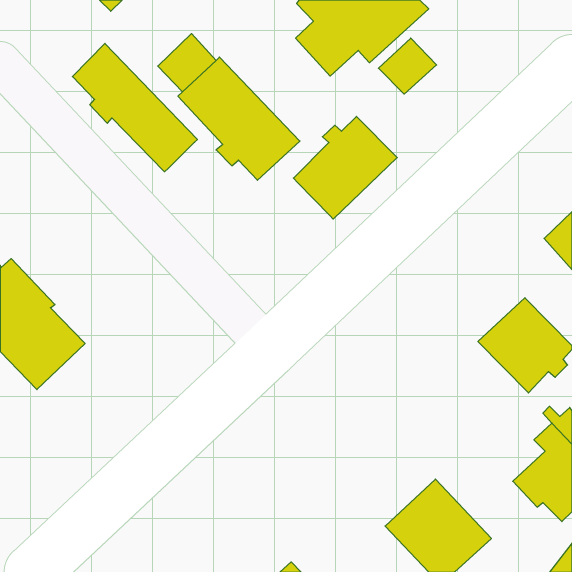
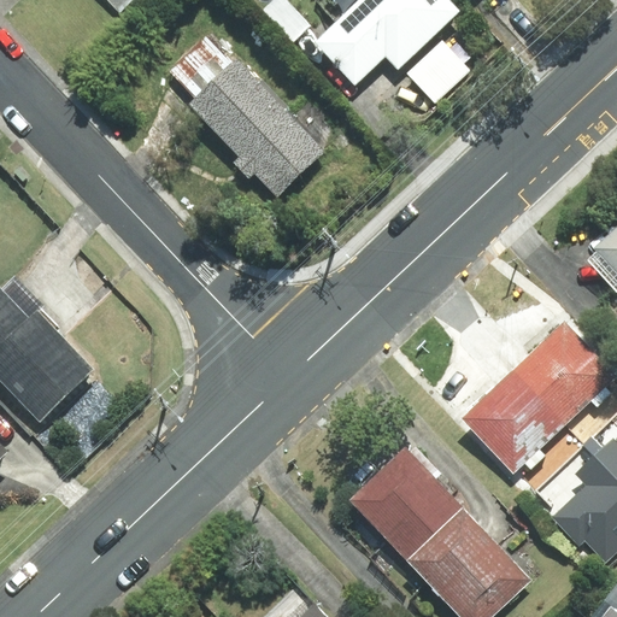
building: [72,43,197,172] -> none
building: [293,116,397,219] -> none
building: none -> [462,368,569,472]
building: none -> [352,449,469,566]

